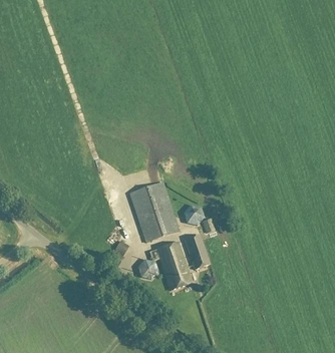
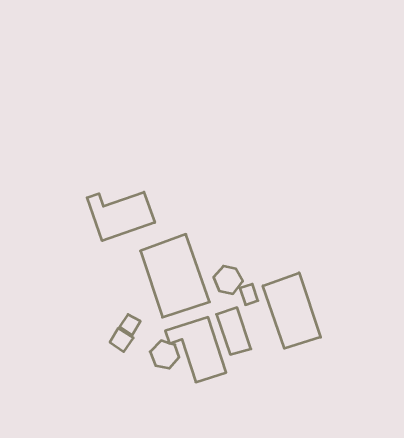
building: none -> [87,192,155,241]
building: none -> [263,273,321,348]

